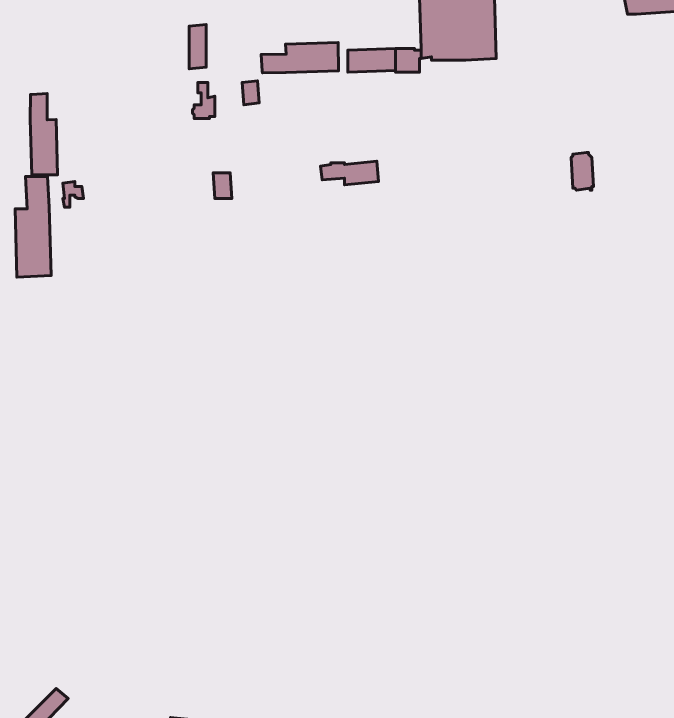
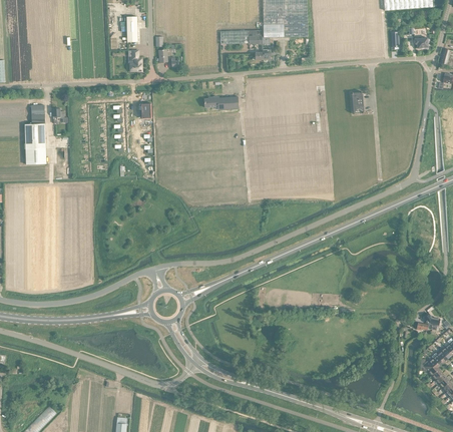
building: [261,42,338,73] -> none
building: [30,94,57,175] -> none

